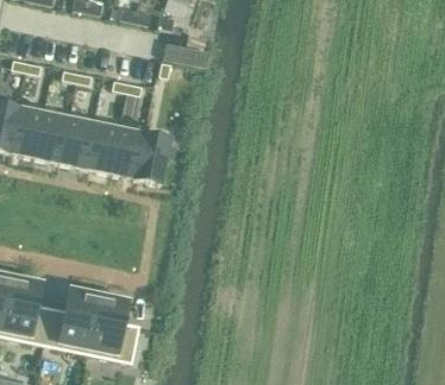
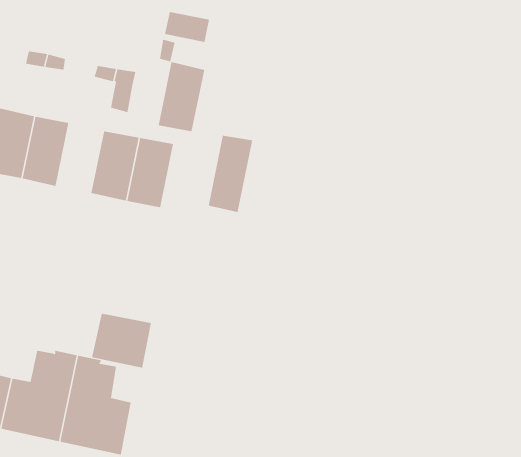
building: [83,121,118,172] -> [158,62,205,132]
building: none -> [208,135,253,213]
building: none -> [91,313,151,368]

